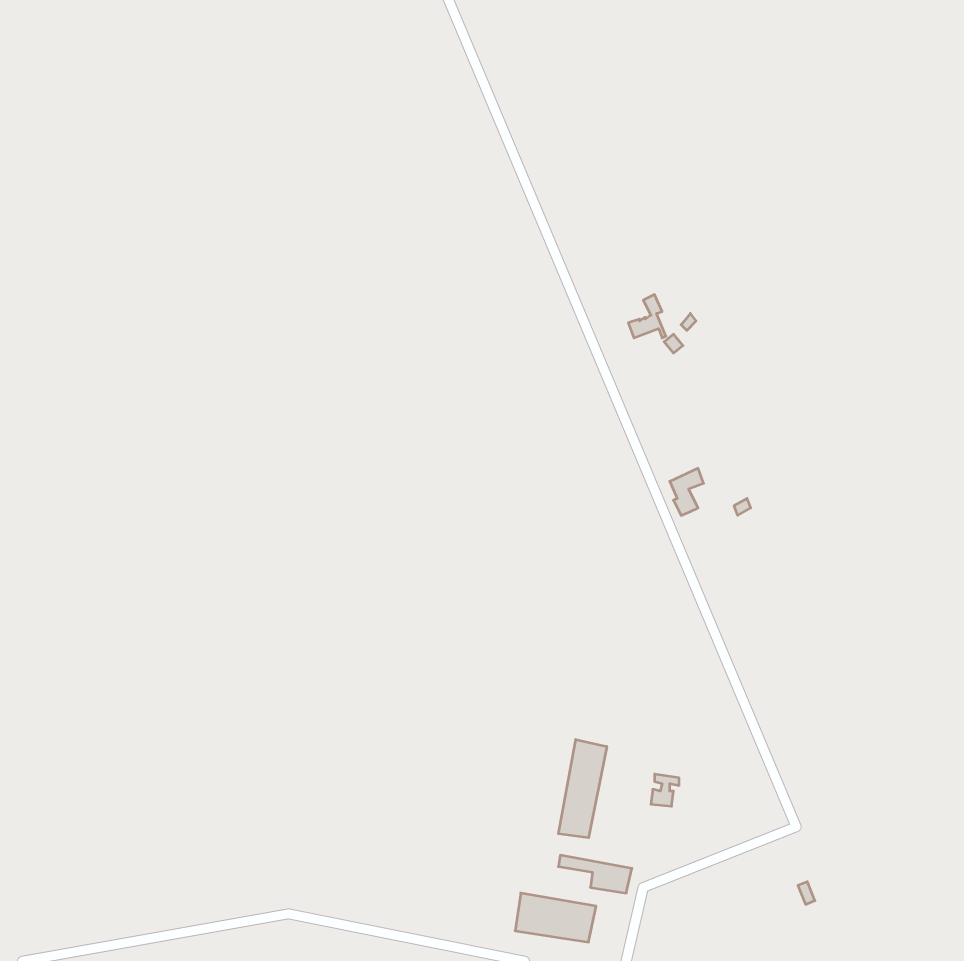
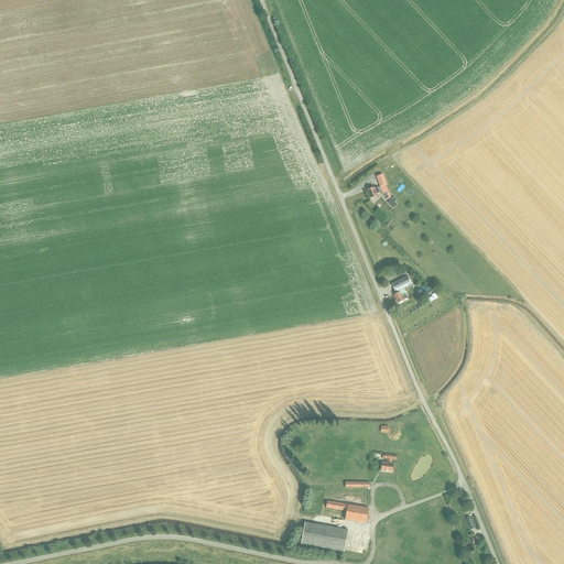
building: [558,739,607,838] -> none

